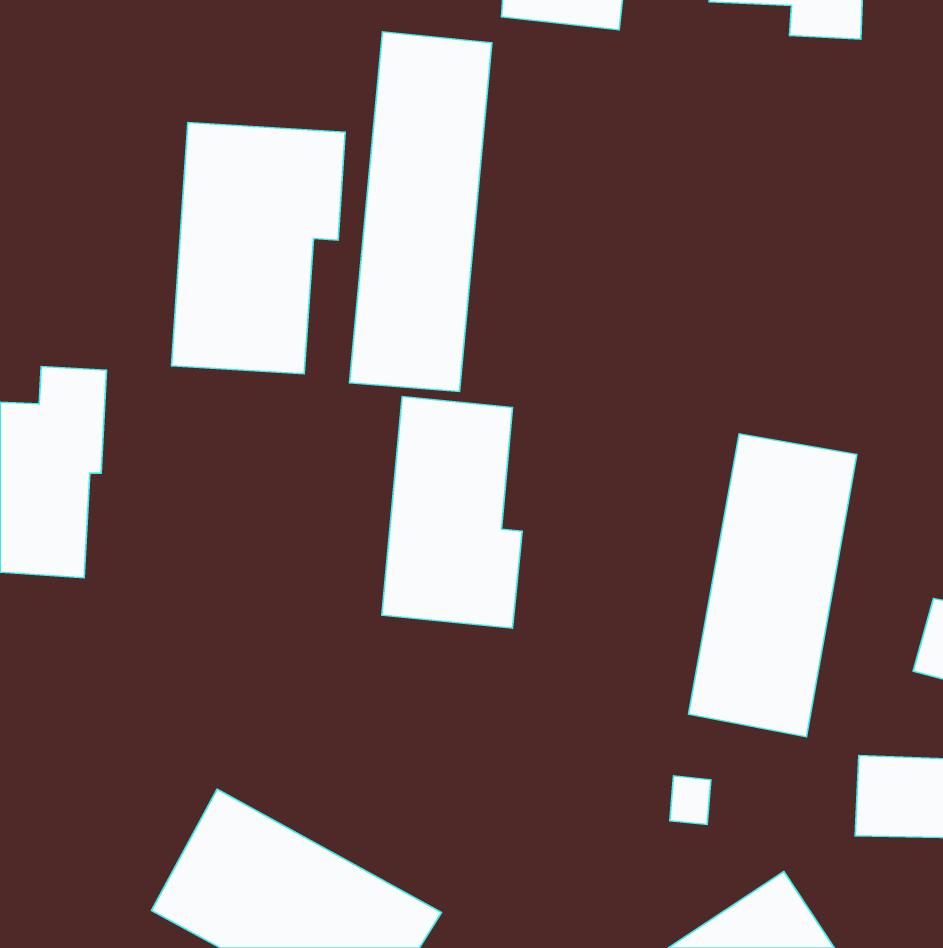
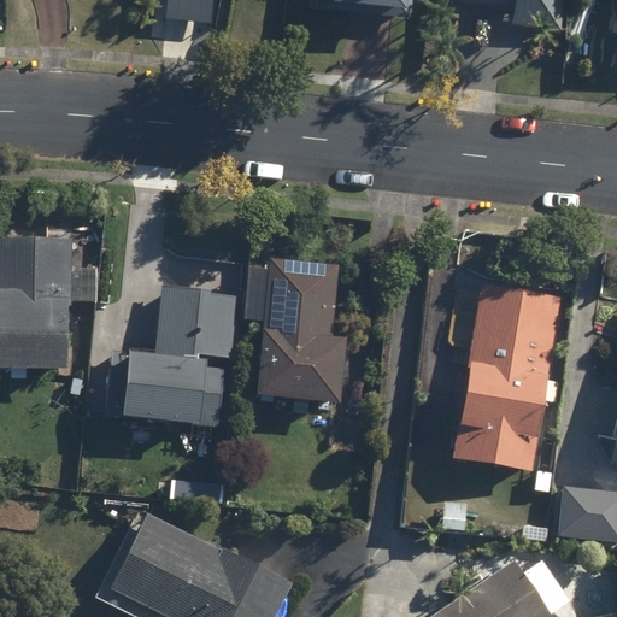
building: [349,32,492,391] -> none
building: [172,122,345,374] -> none
building: none -> [108,284,241,423]

